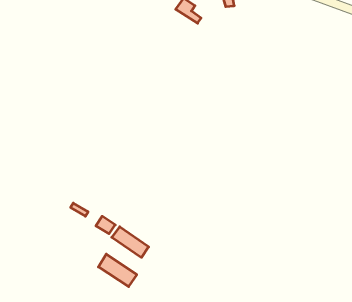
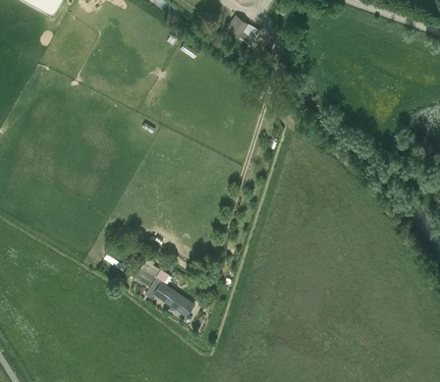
building: [98,254,137,287] -> none

